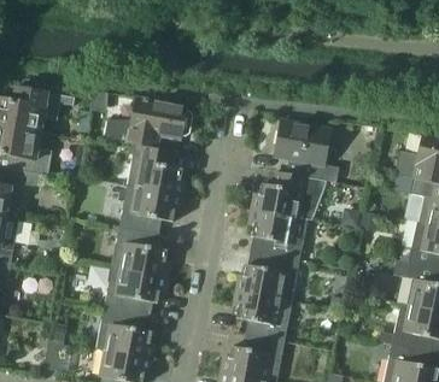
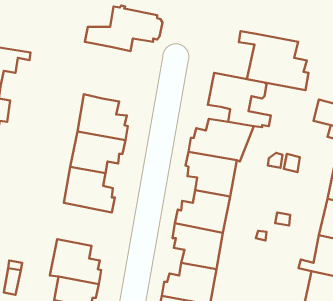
building: none -> [239,31,309,90]
building: [103,96,191,148] -> [85,5,163,51]
building: [104,266,165,315] -> none

